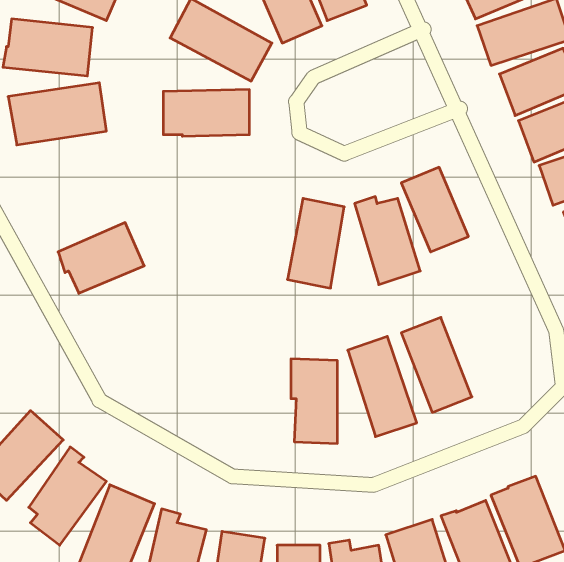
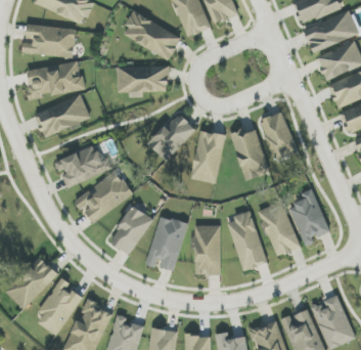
building: none -> [34,94,90,137]
building: none -> [147,113,195,161]
building: none -> [73,172,132,222]
building: none -> [287,188,329,247]
building: none -> [108,206,152,256]
building: none -> [145,216,187,271]

